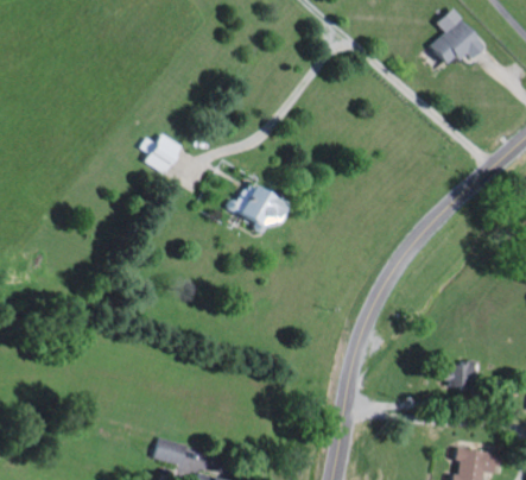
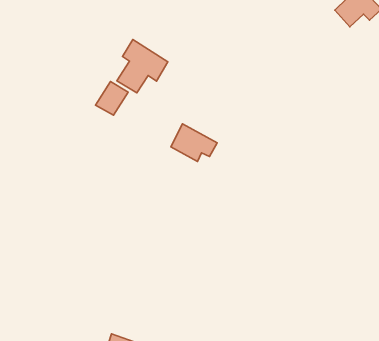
building: none -> [117,40,168,93]
building: [444,361,475,386] -> none

